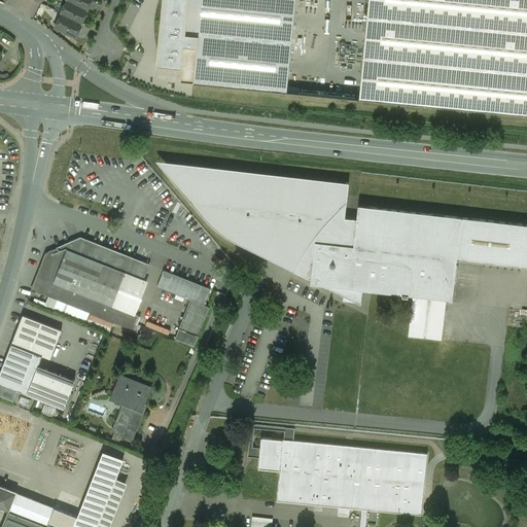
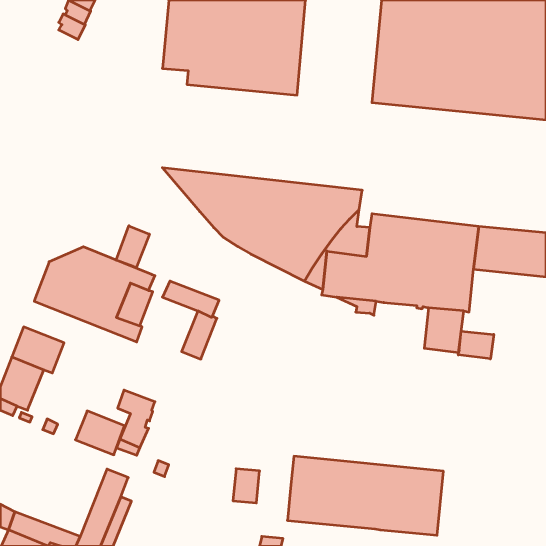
building: none -> [116,226,149,268]
building: none -> [458,331,494,359]
building: [27,366,74,409] -> [75,411,125,455]
building: [257,437,283,470] -> [233,469,260,503]

